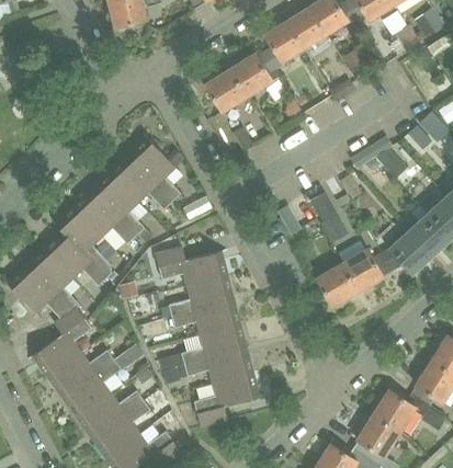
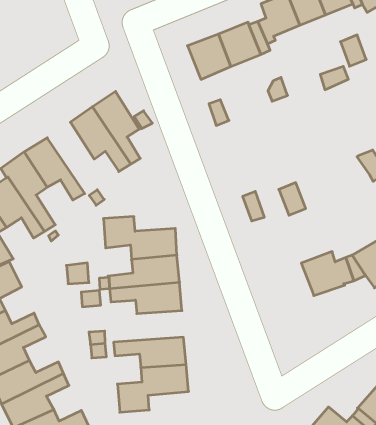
building: [91,172,143,235] -> none
building: [316,264,358,307] -> none
building: [181,326,246,365] -> none

